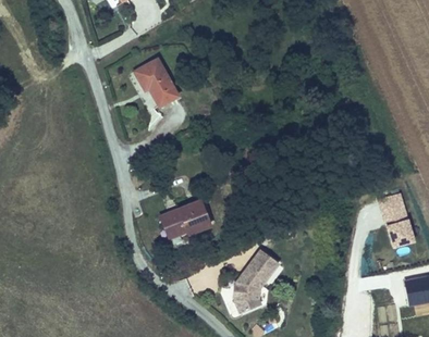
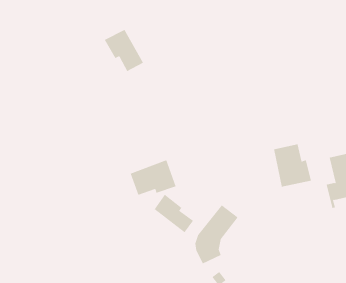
building: none -> [273,143,312,188]
building: none -> [154,194,194,233]

